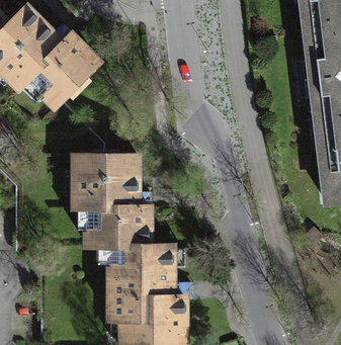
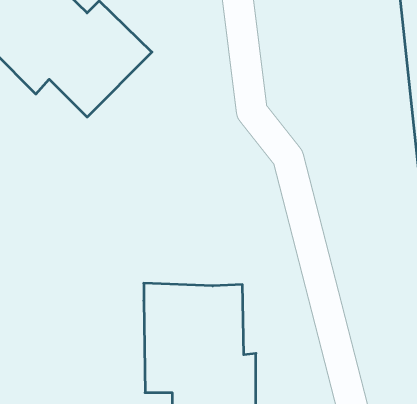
building: [76,154,161,257] -> none

